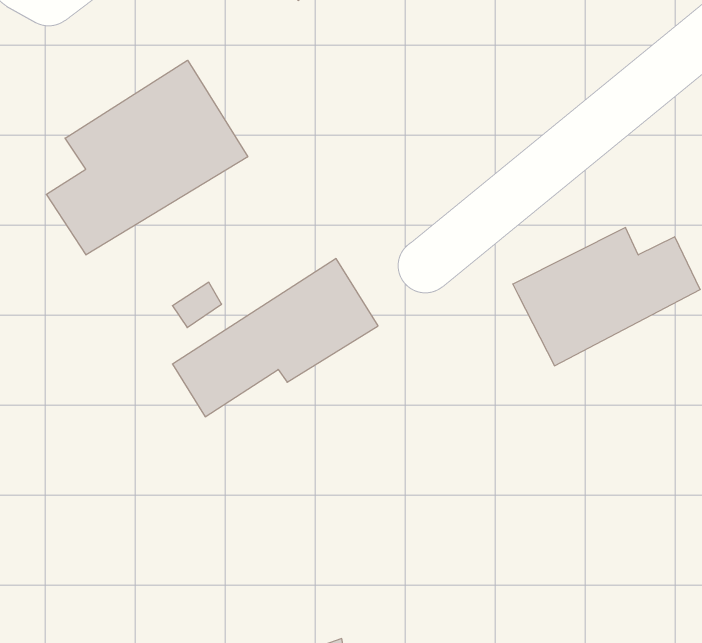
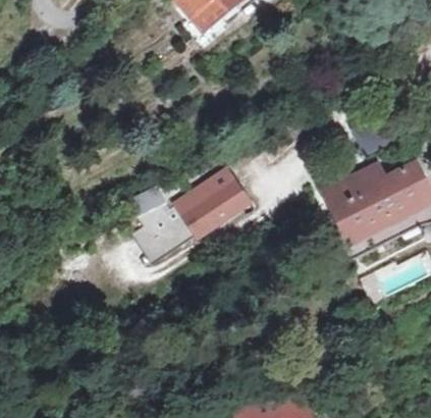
building: [46,60,248,255] -> none

